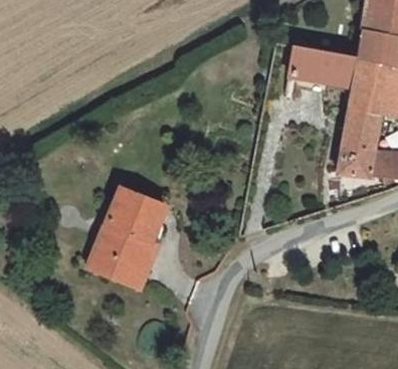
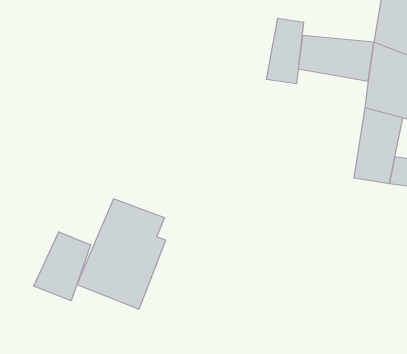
building: none -> [266,18,304,84]
building: none -> [34,232,91,301]

